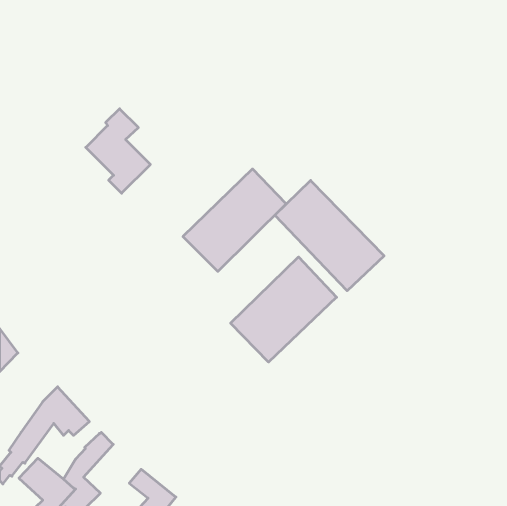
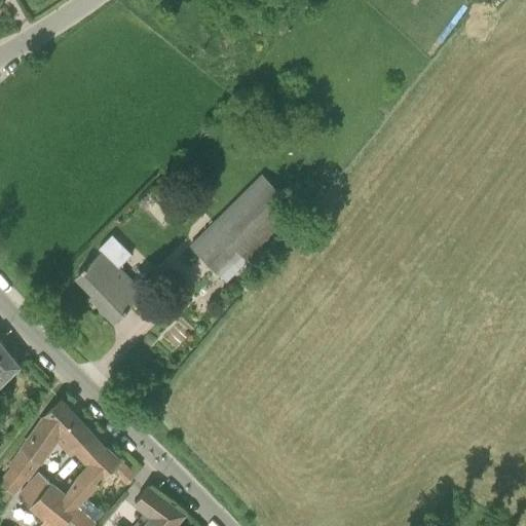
building: [86,109,150,193] -> [76,236,143,324]
building: [275,180,384,291] -> none
building: [231,257,337,362] -> none

